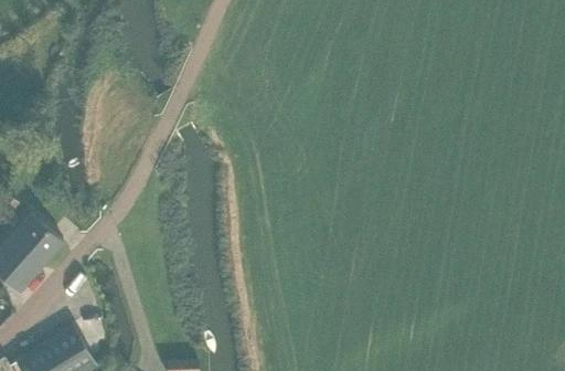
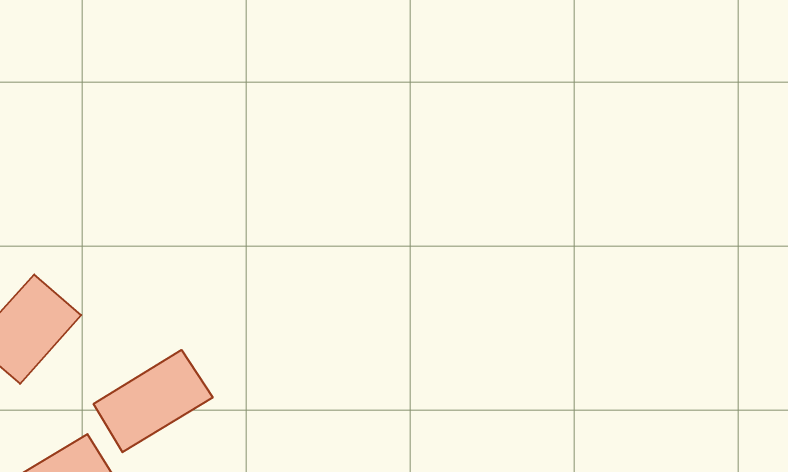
building: none -> [94,350,213,452]

